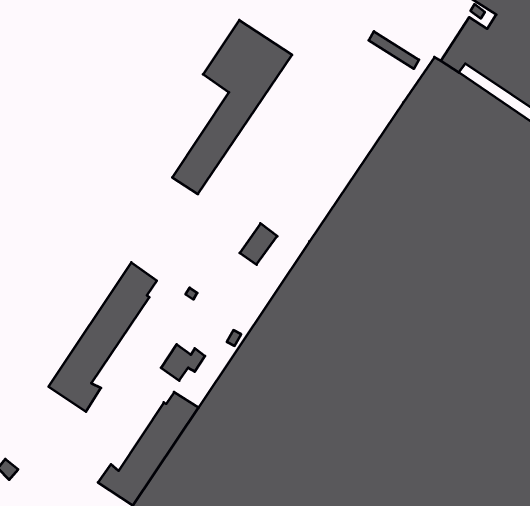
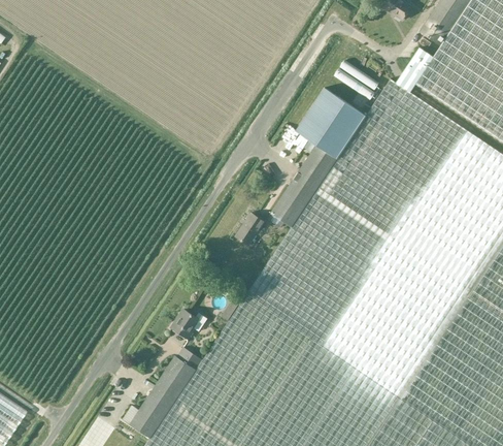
building: [172,20,292,194] -> [271,89,367,228]
building: none -> [333,68,375,104]
building: [49,262,157,412] -> none

